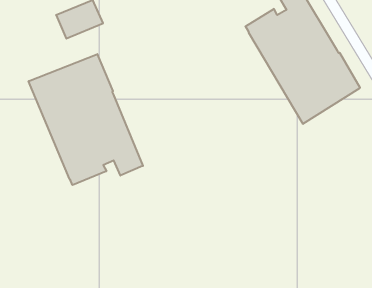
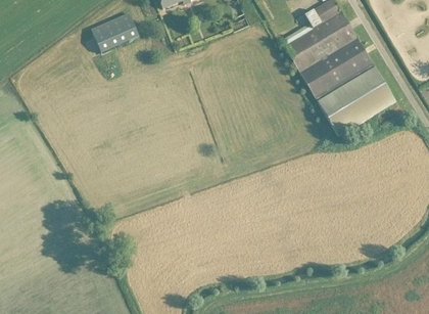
building: [29,54,143,185] -> none

